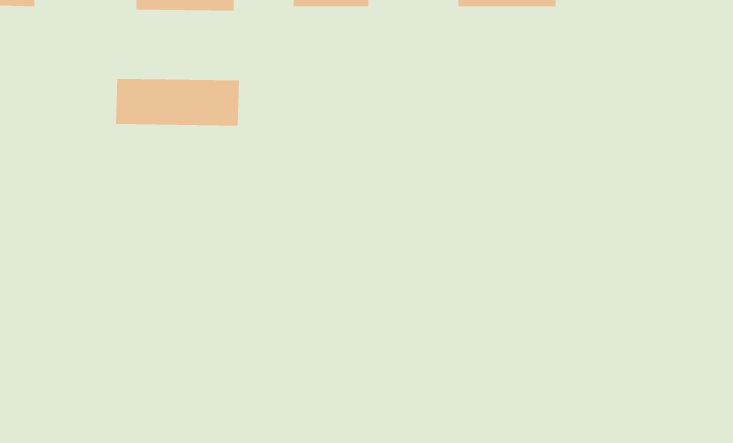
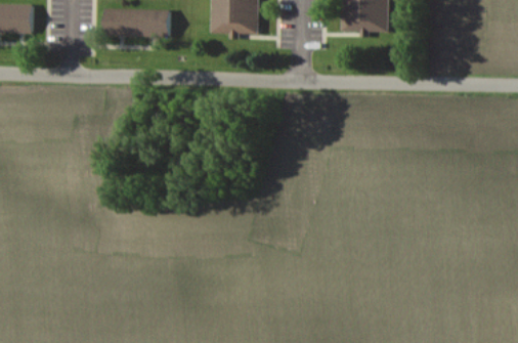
building: [116,78,240,126] -> none

